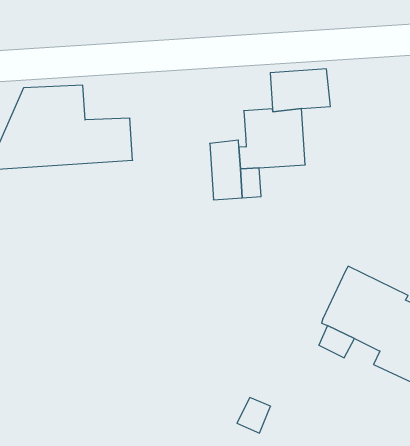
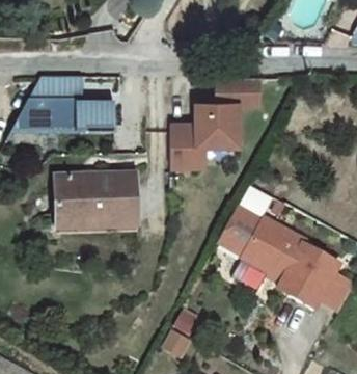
building: none -> [56,175,138,226]
building: none -> [219,207,263,255]

